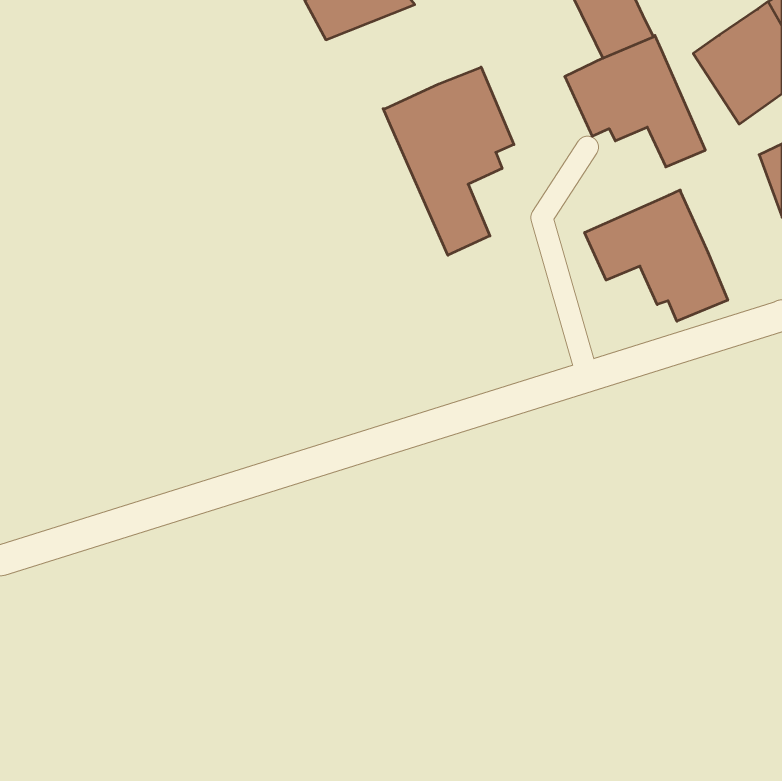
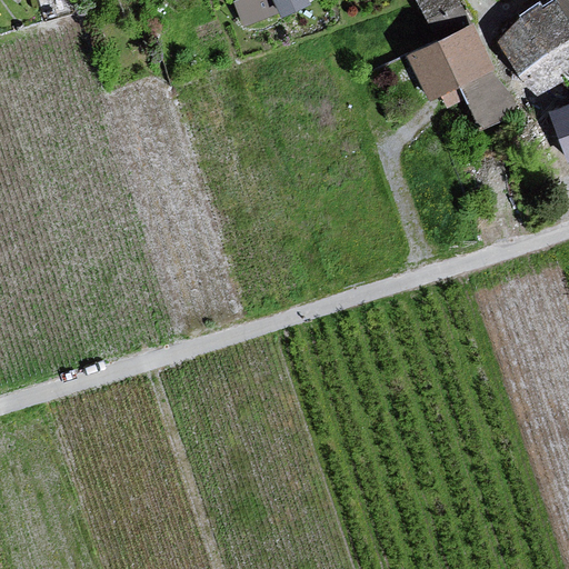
building: [383,67,514,255] -> none
building: [585,190,728,321] -> none

